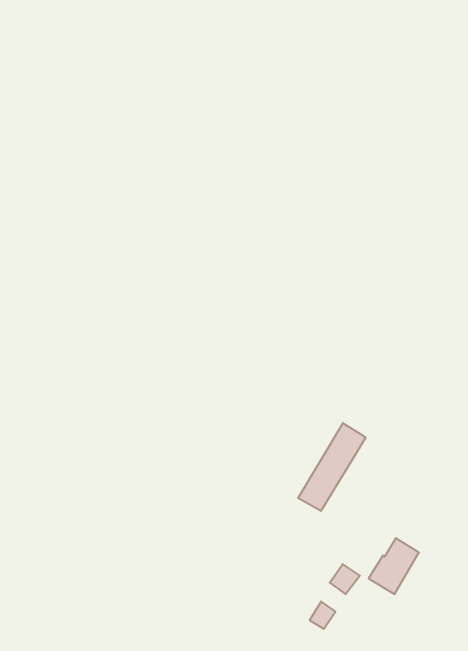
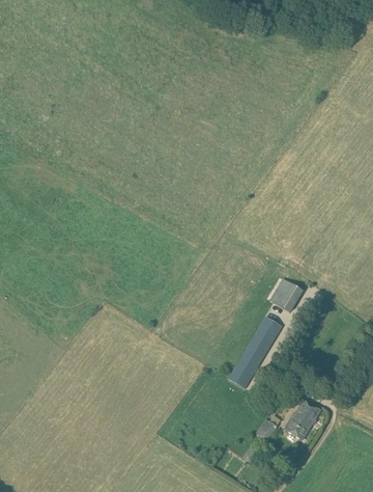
building: none -> [269,278,304,312]

